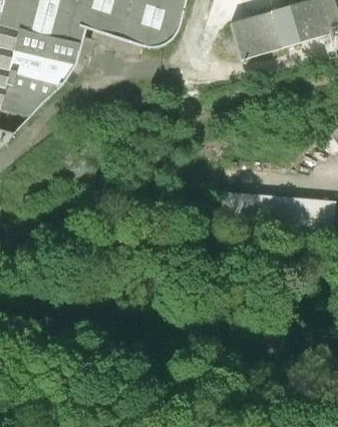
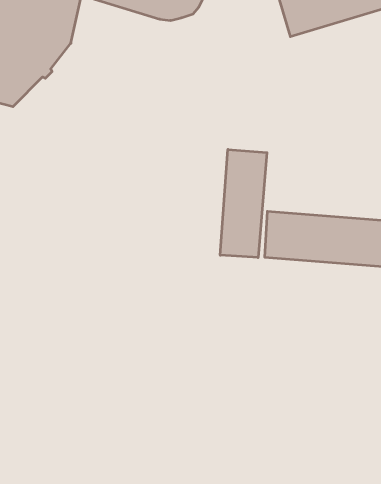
building: none -> [220,149,267,258]

